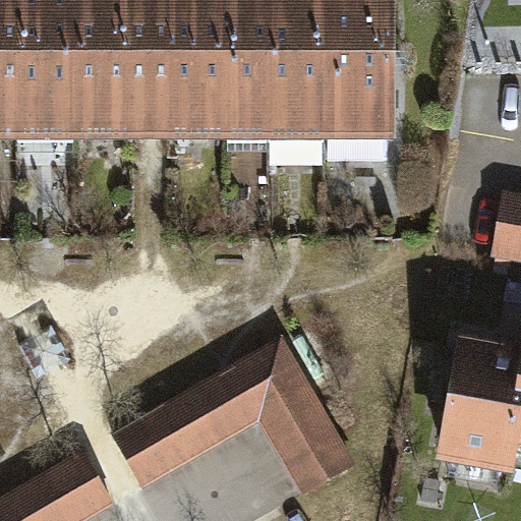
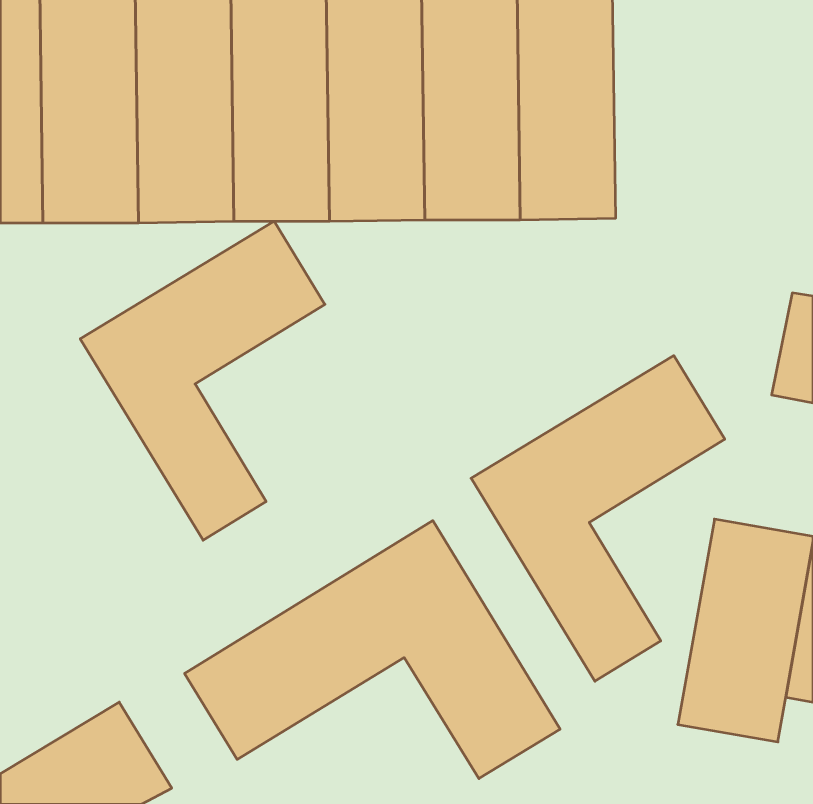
building: none -> [80,221,325,540]
building: none -> [471,356,725,681]

